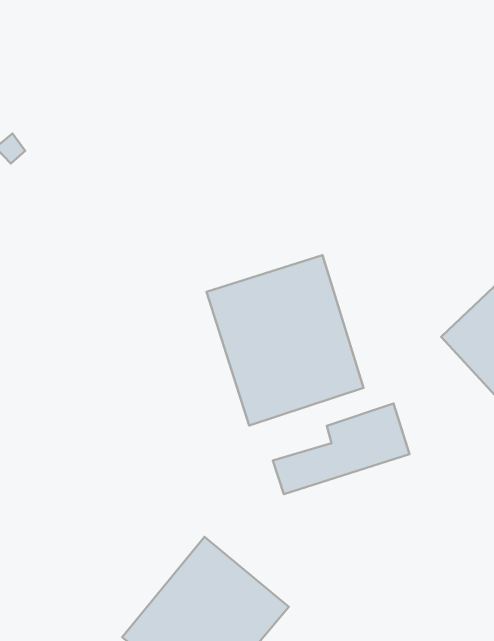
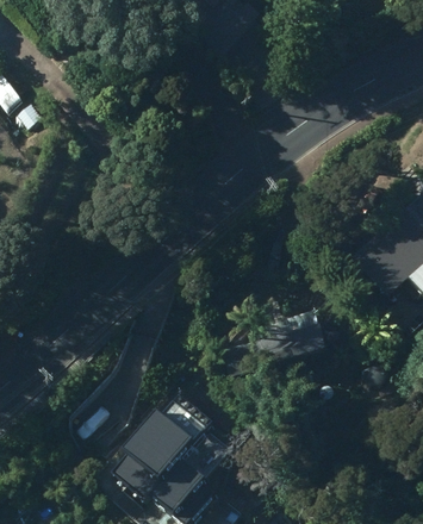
building: [206,255,363,425] -> none

